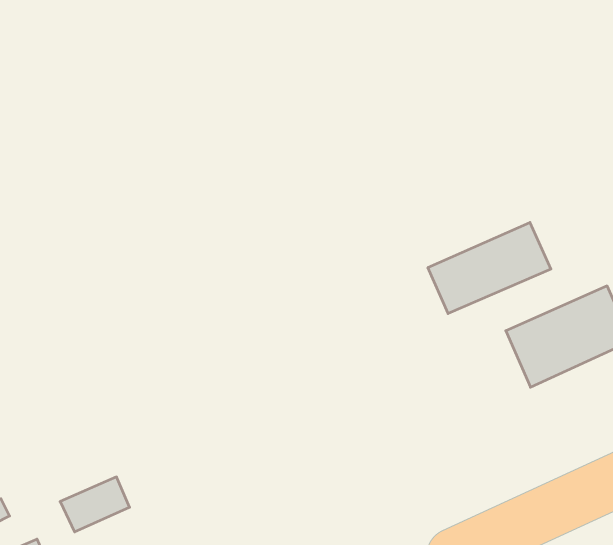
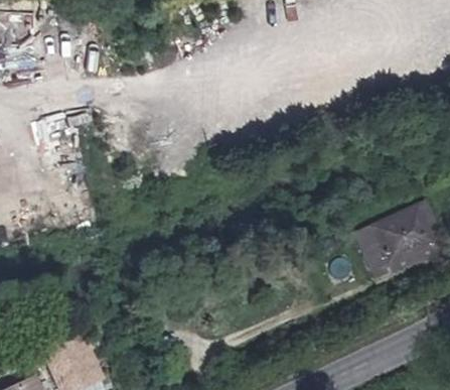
building: [428,222,551,314] -> none

